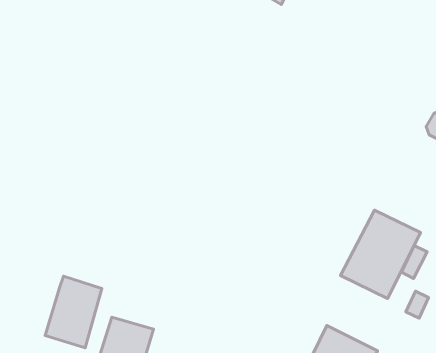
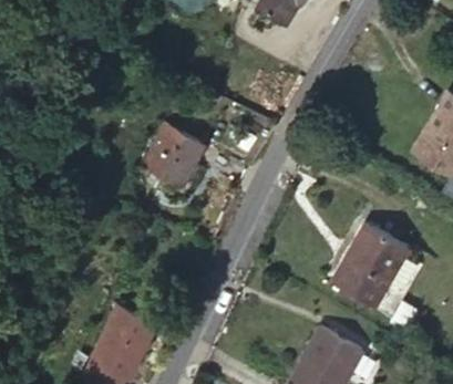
building: none -> [145,131,200,188]
building: [45,276,102,348] -> none

